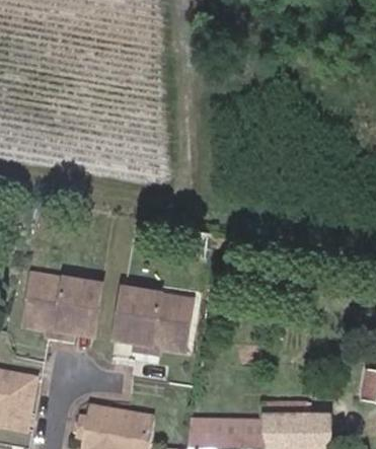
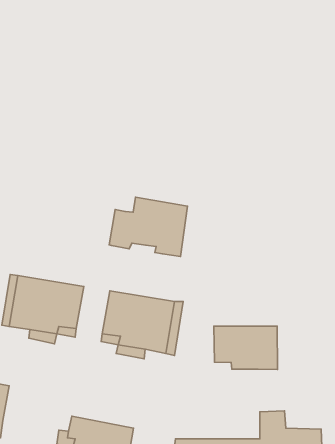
building: none -> [109,197,188,256]
building: none -> [214,326,277,369]

